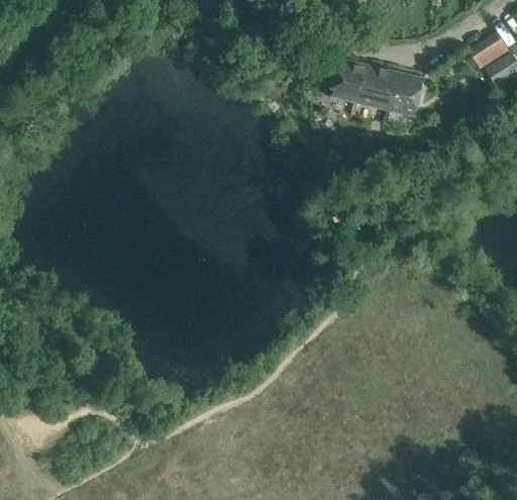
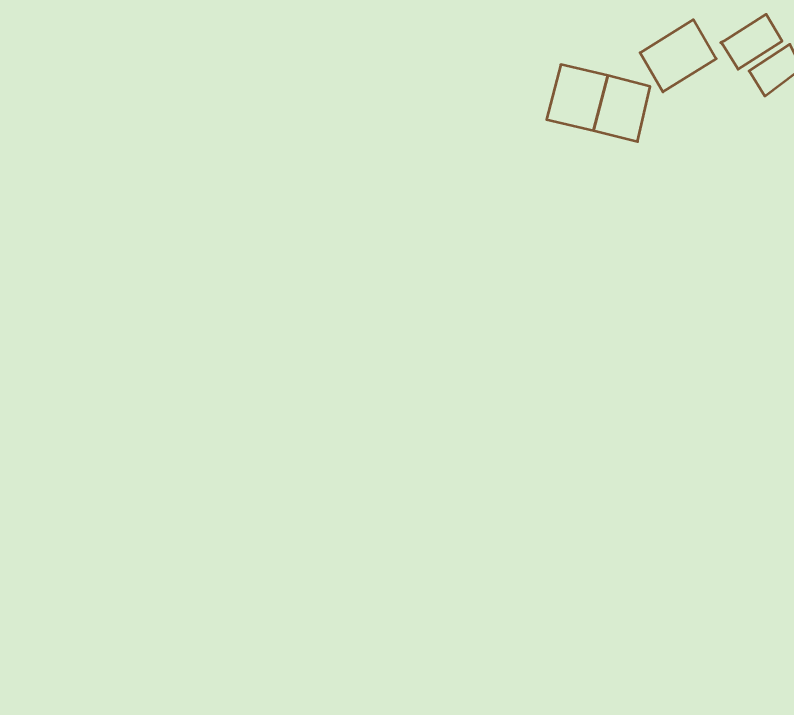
building: none -> [640,20,716,92]
building: [329,59,366,100] -> none

